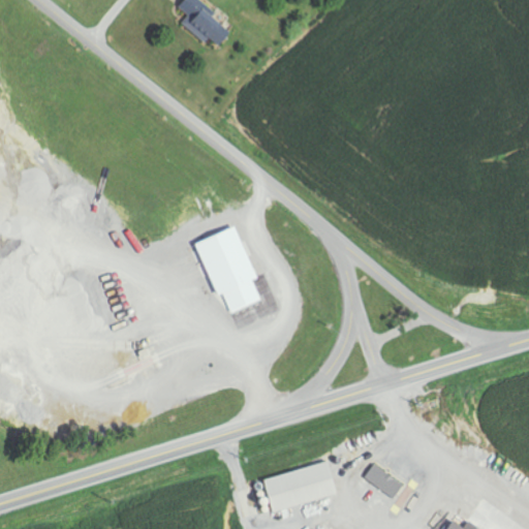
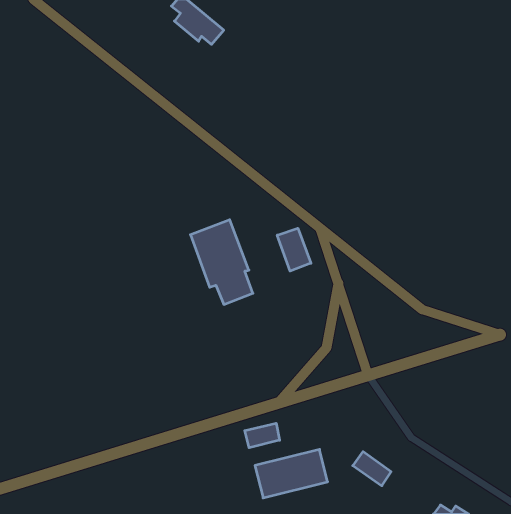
building: none -> [277,228,311,271]
building: none -> [245,423,280,448]

